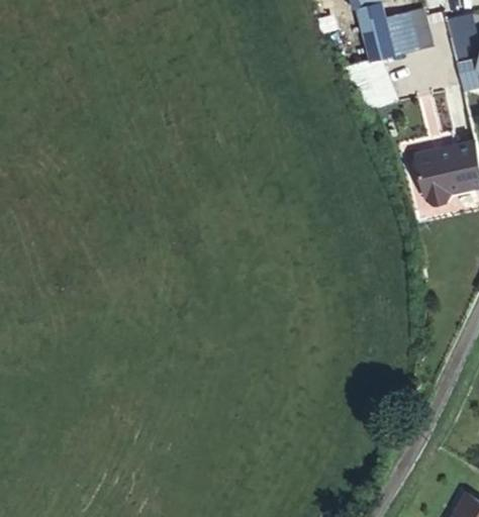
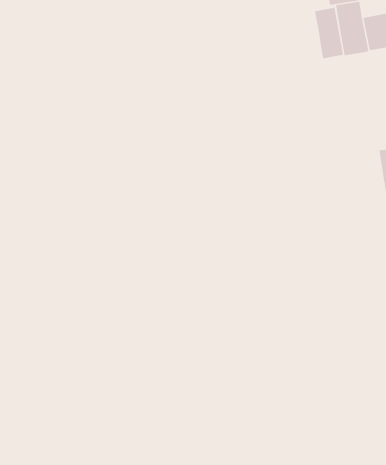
building: none -> [314,7,344,59]

